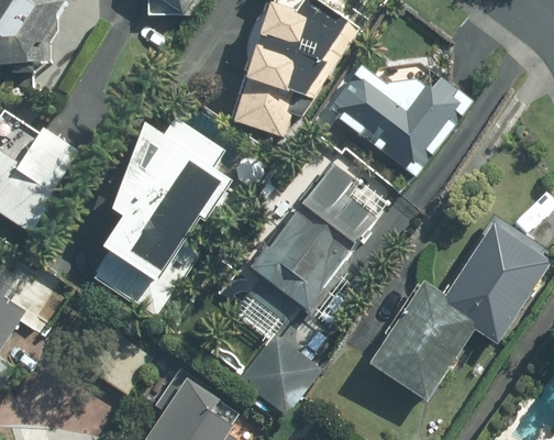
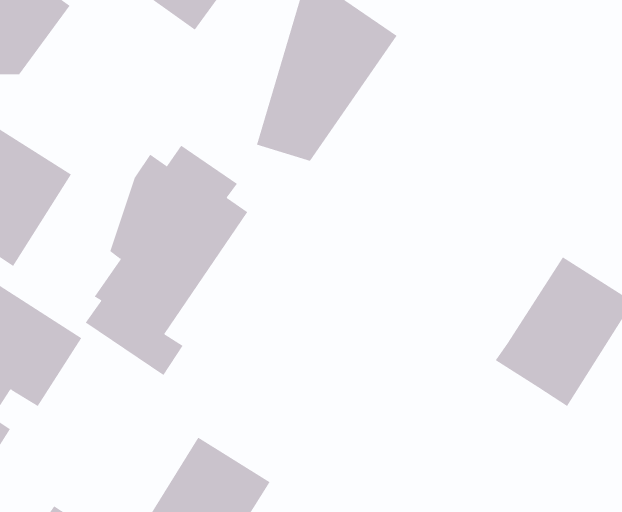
building: [328,76,473,180] -> none
building: [222,158,387,409] -> none
building: [365,276,472,403] -> none

